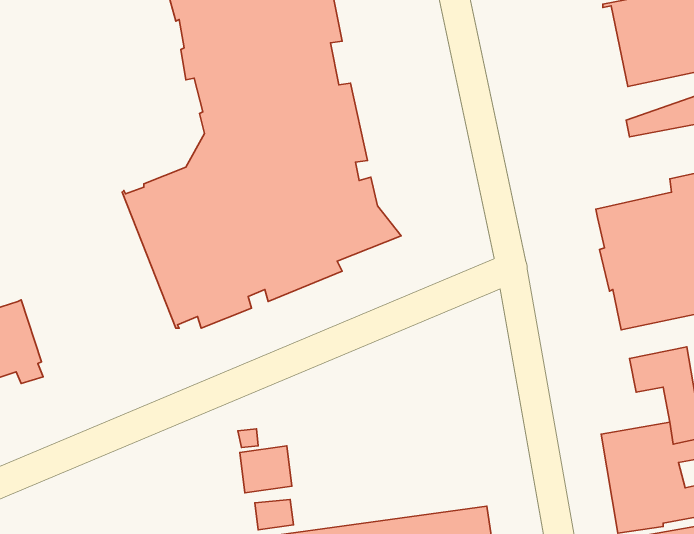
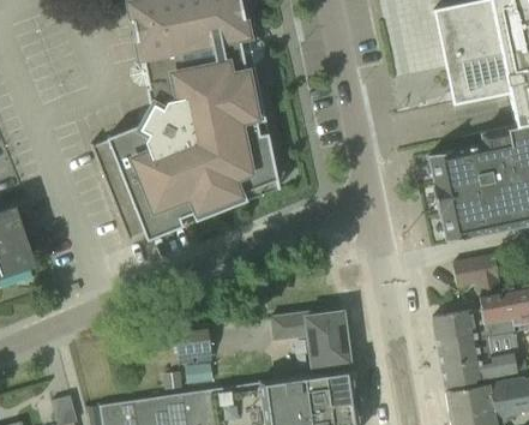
building: none -> [272,311,350,367]

